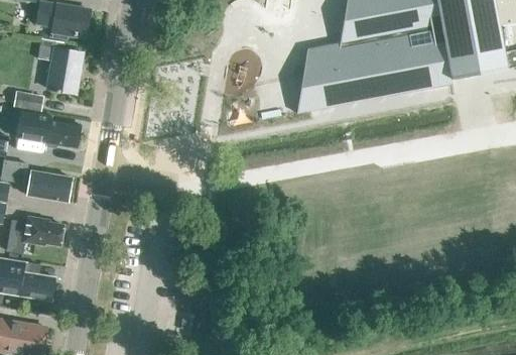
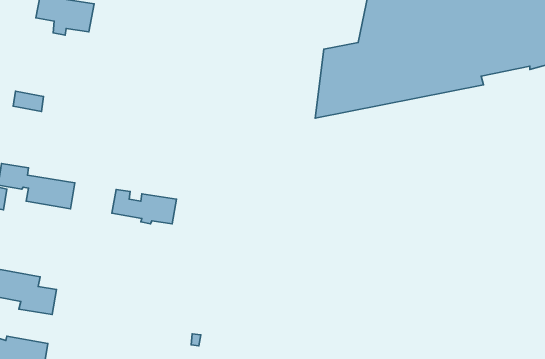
building: [37,37,83,93] -> none
building: [20,115,81,147] -> [112,189,176,224]
building: [6,216,63,253] -> none

